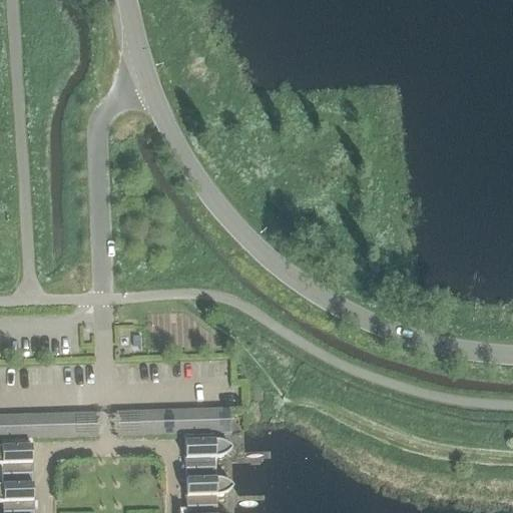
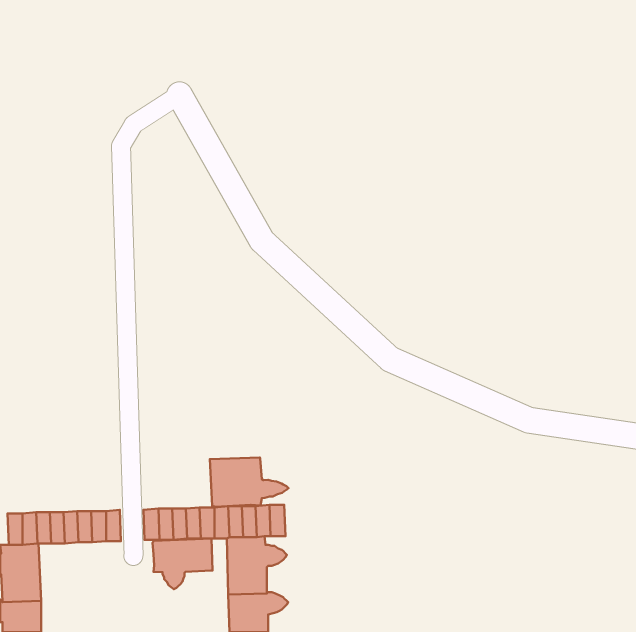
building: none -> [210,457,288,507]
building: none -> [153,539,212,589]

